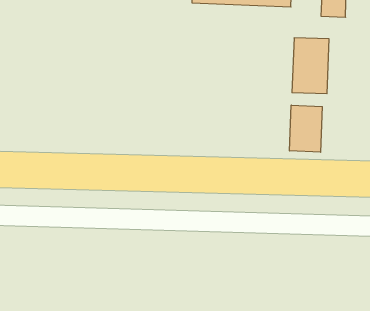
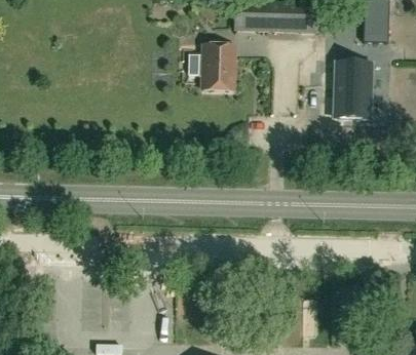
building: none -> [189,43,234,89]
building: [290,105,322,152] -> none

